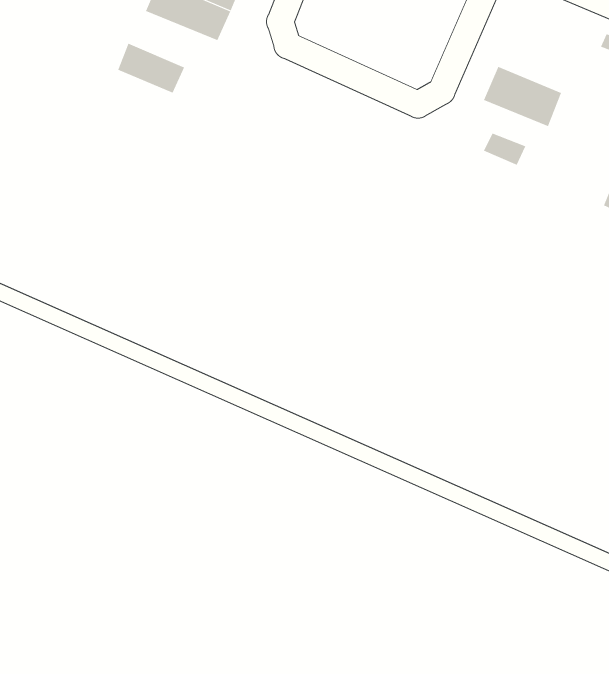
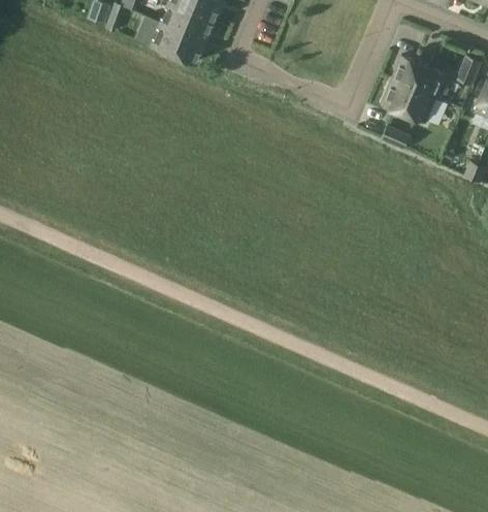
building: none -> [392,54,447,96]
building: [117,43,185,93] -> none

